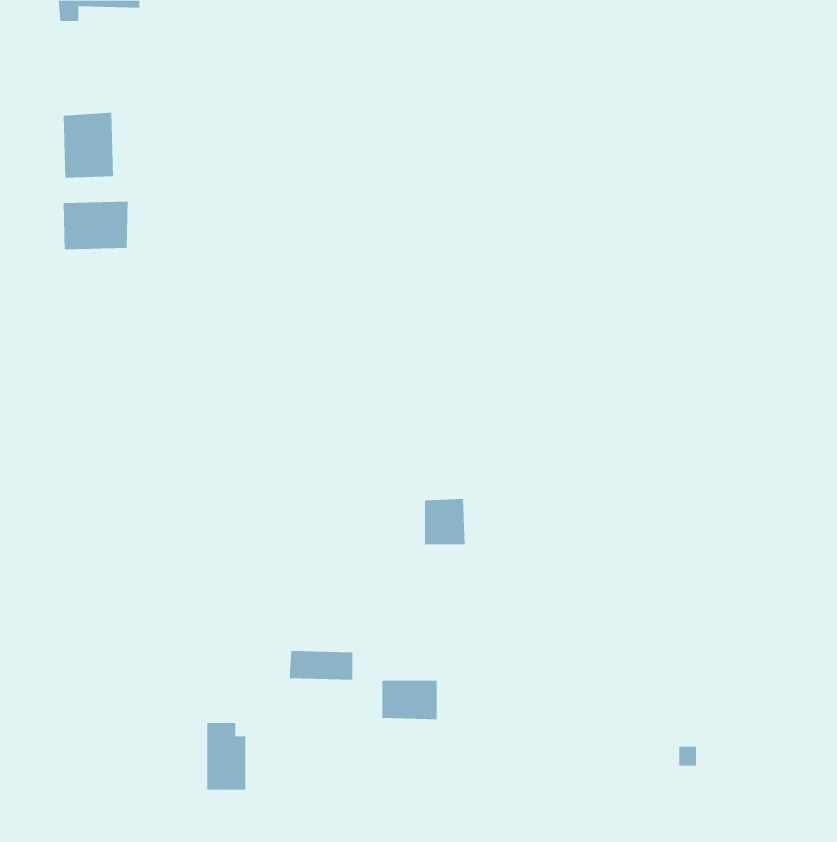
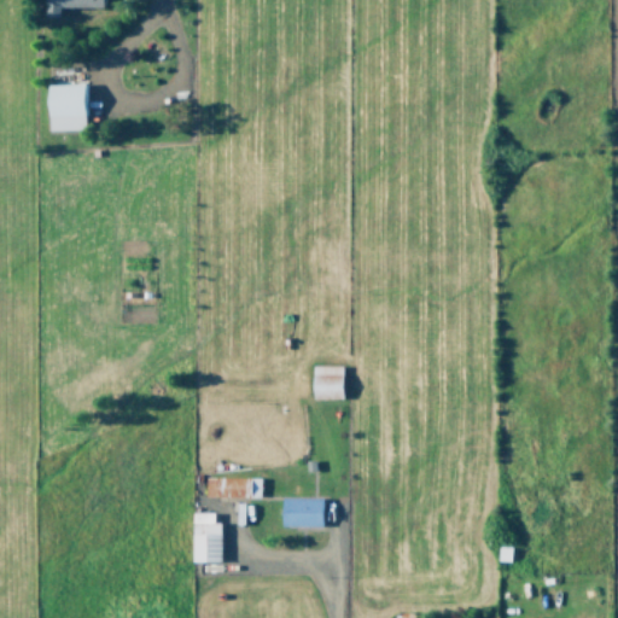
building: [63,201,128,250] -> none
building: [206,723,246,790] -> [194,513,223,562]

